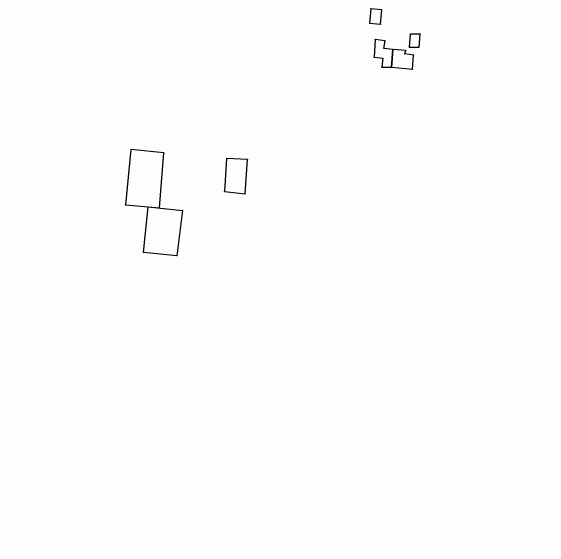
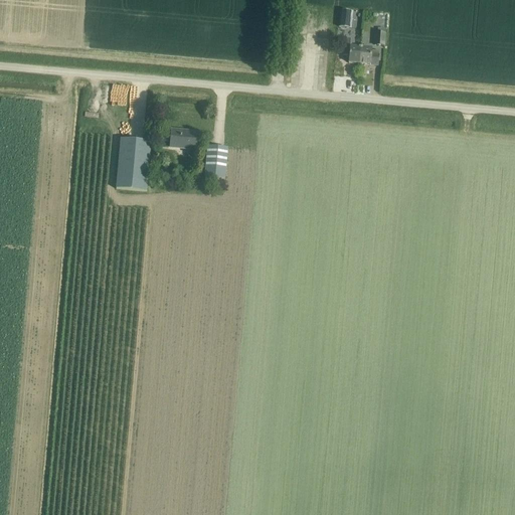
building: none -> [170,129,198,147]
building: [143,207,182,256] -> none

